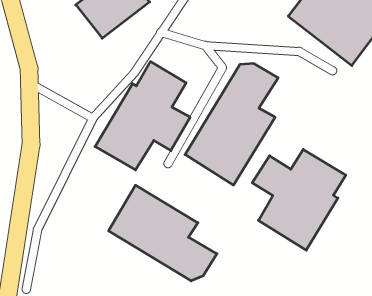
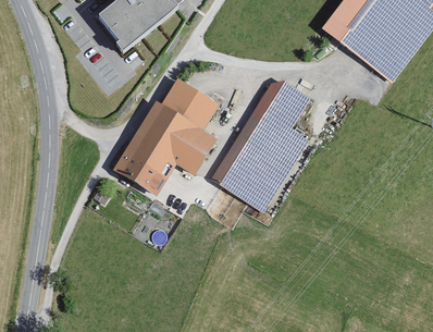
building: [252,149,346,250] -> none
building: [109,185,217,281] -> none

